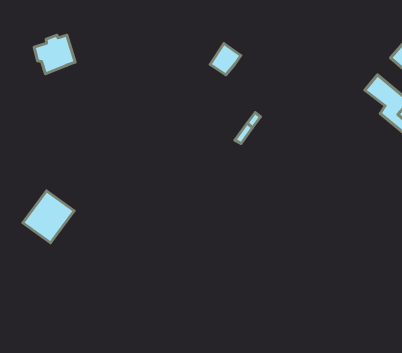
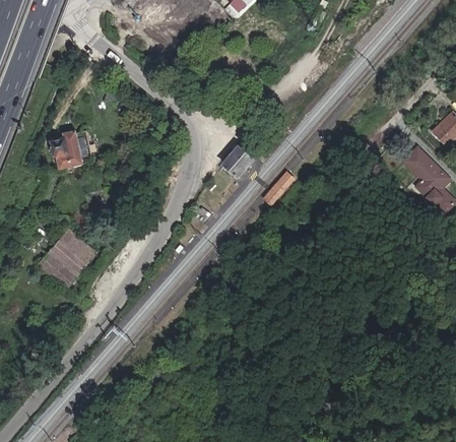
building: [34,35,75,74] -> [50,130,90,169]
building: [210,43,241,75] -> [220,146,253,179]

